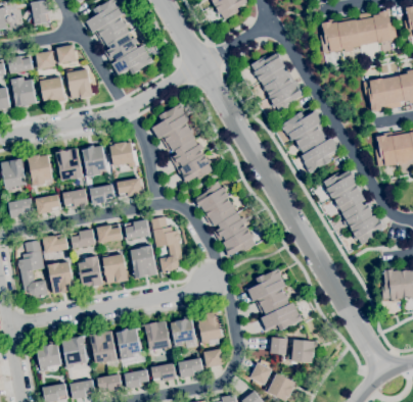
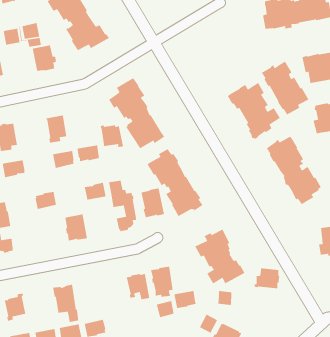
building: [251,52,305,112] -> [261,60,309,116]
building: [40,78,65,103] -> none
building: [109,142,136,167] -> [100,124,124,148]
building: [56,149,84,182] -> none
building: [62,189,89,208] -> none
building: [97,224,123,244] -> none
building: [43,235,68,254] -> none
building: [131,246,157,280] -> [141,188,165,218]
building: [79,256,103,288] -> none
building: [48,262,76,294] -> none
building: [141,321,172,351] -> none
building: [117,329,146,366] -> none
building: [62,336,87,369] -> none
building: [286,340,315,363] -> [254,268,280,289]
building: [178,358,203,379] -> [174,290,197,309]
building: [151,363,177,383] -> none

